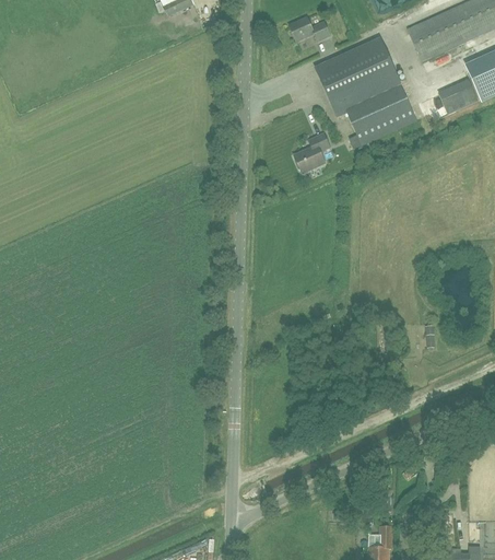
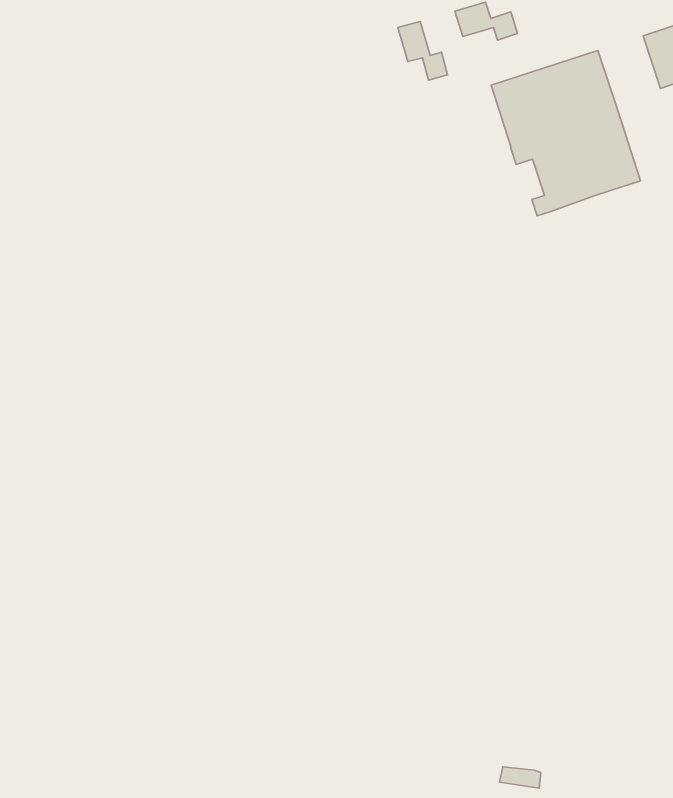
building: none -> [398,21,447,80]
building: [294,132,329,172] -> none

